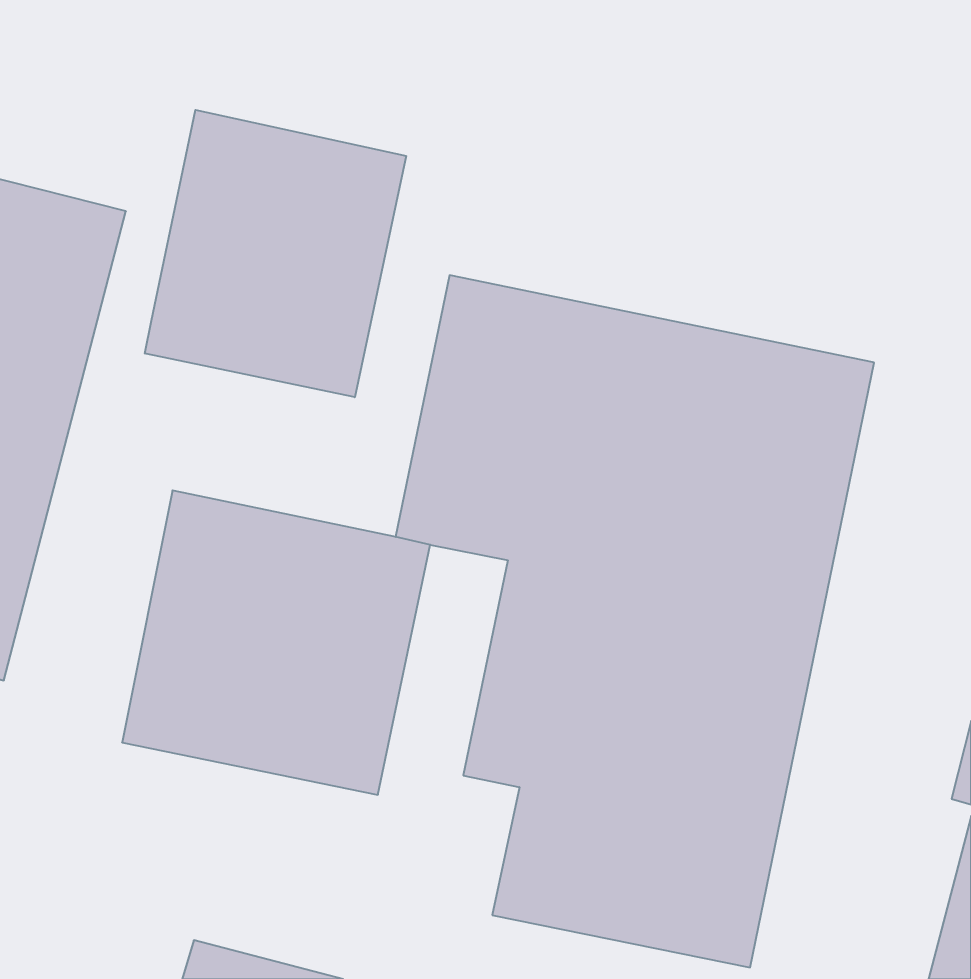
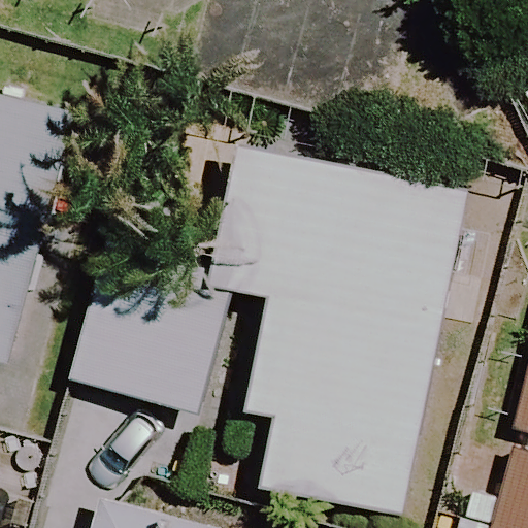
building: [145,110,406,397] -> none

